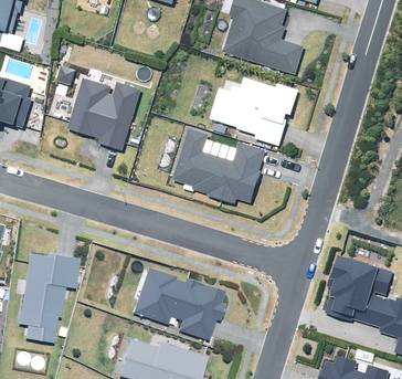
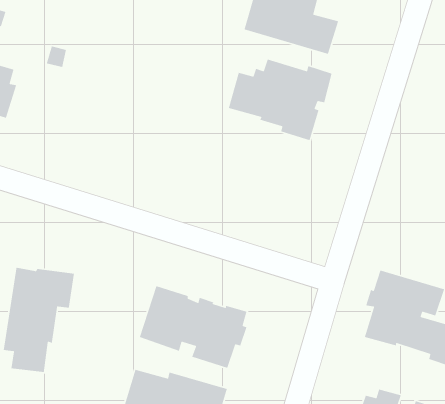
building: [67,76,140,149] -> none
building: [172,127,265,203] -> none

